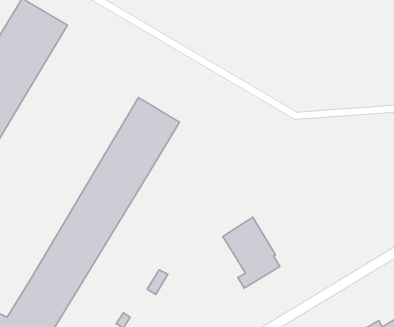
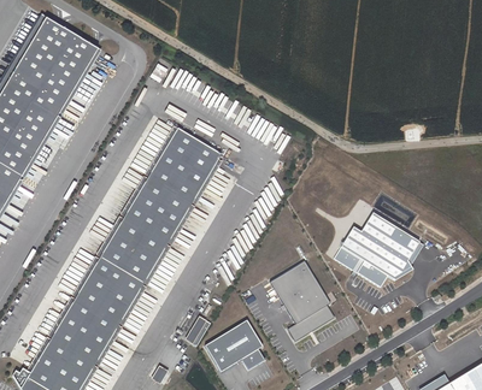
building: none -> [333,213,419,288]
building: none -> [202,321,263,372]

